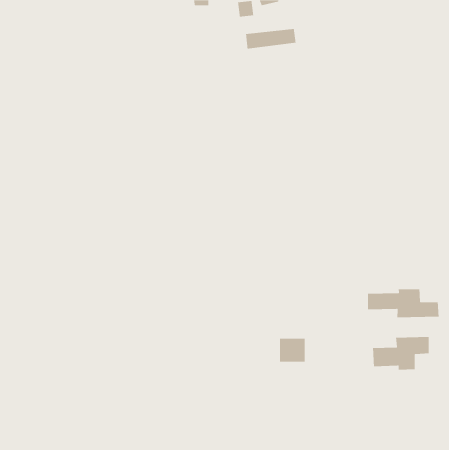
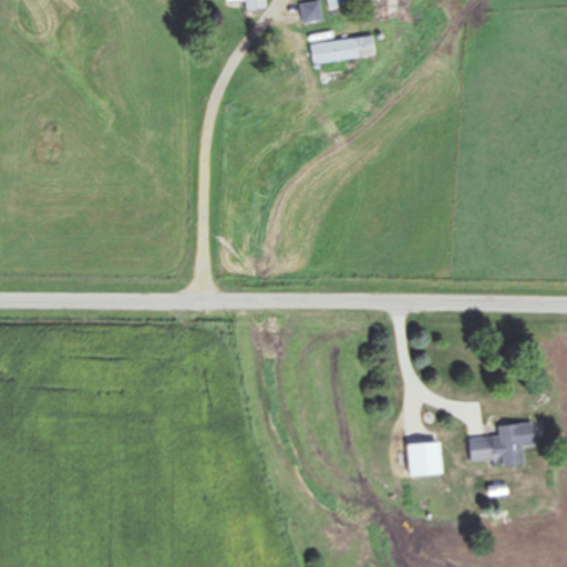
building: [367,288,440,318] -> none
building: [279,338,306,363] -> [408,442,441,473]

